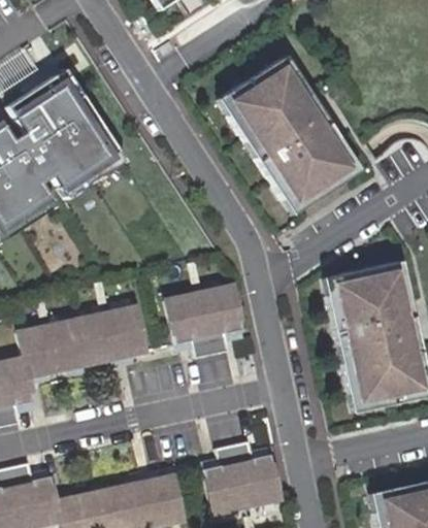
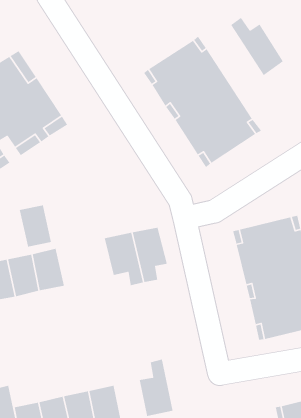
building: none -> [230,17,284,76]
building: [109,302,150,355] -> [19,204,52,248]
building: [238,439,286,506] -> none

